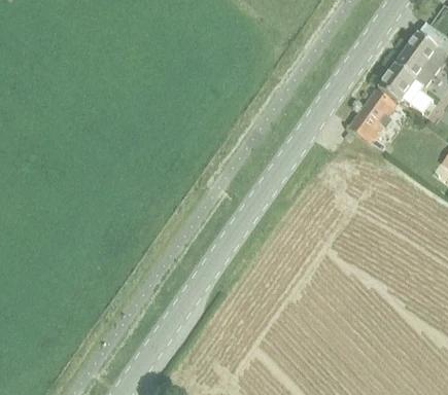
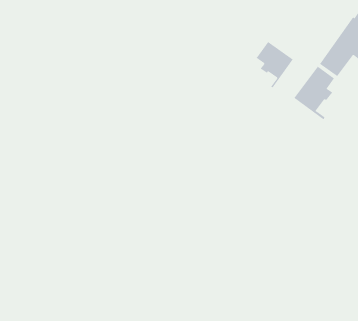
building: none -> [256,41,294,89]

